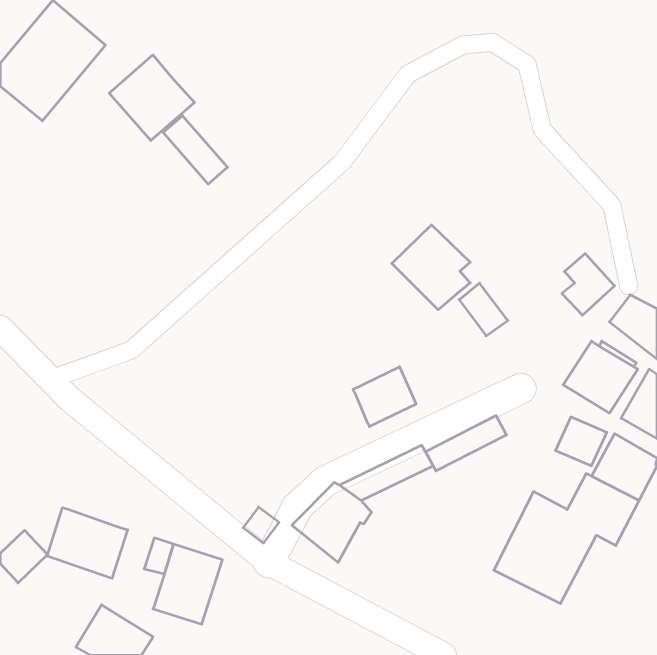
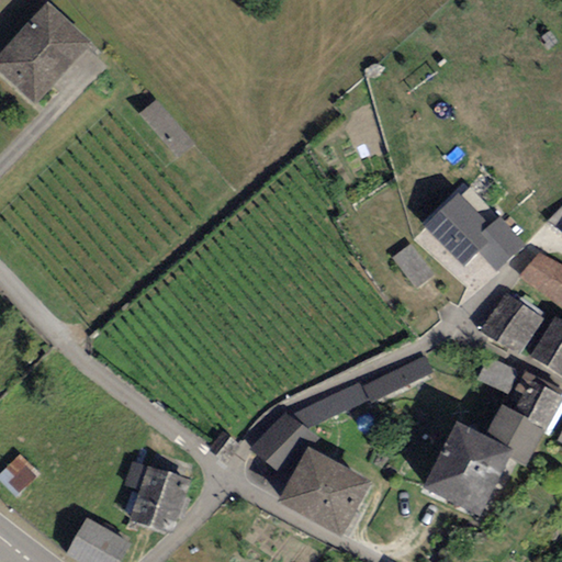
building: [109,55,194,141] -> none
building: [392,225,470,310] -> [424,192,491,265]
building: [353,367,416,427] -> none
building: [47,508,128,578] -> none
building: none -> [278,446,371,535]

